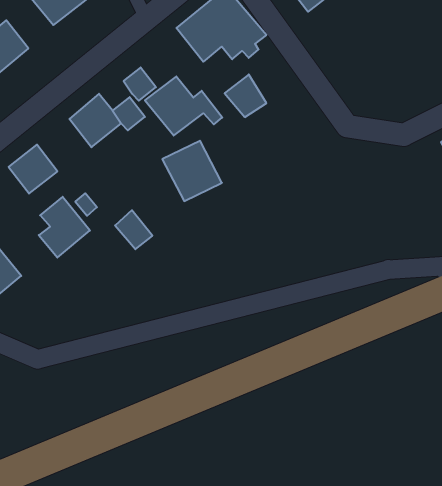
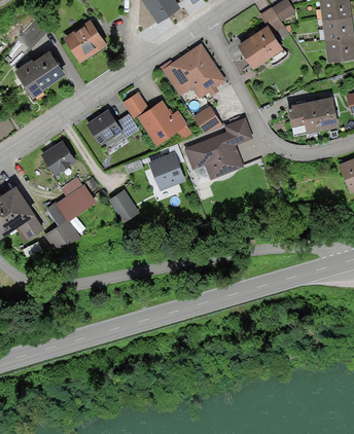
building: none -> [287,100,337,133]
building: none -> [185,118,252,181]
building: none -> [46,205,77,249]

